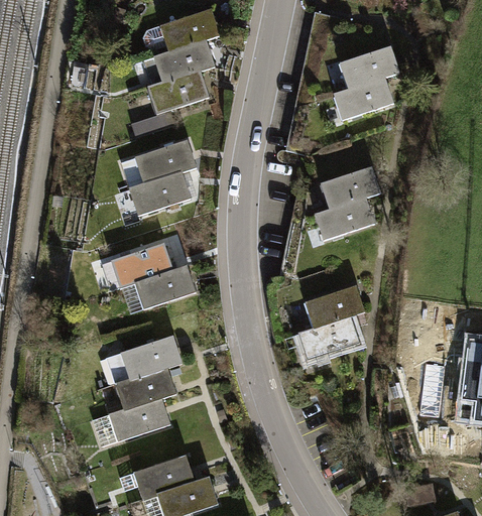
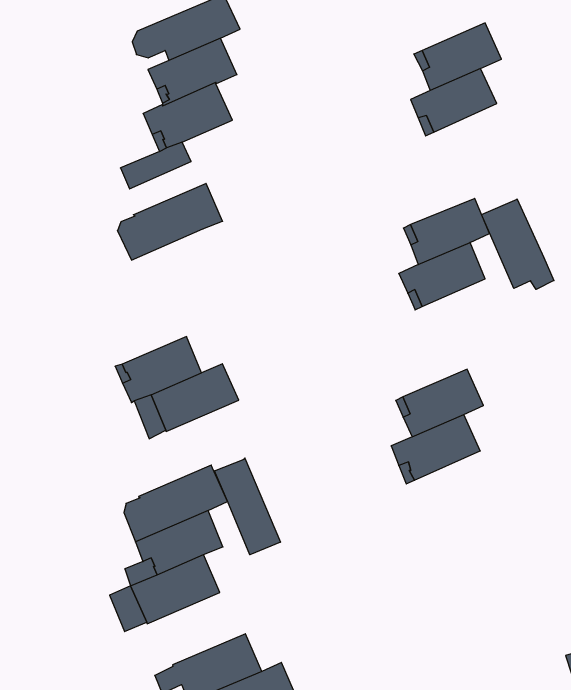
building: none -> [482,199,554,289]
building: [130,171,191,215] -> none
building: none -> [214,458,280,555]

